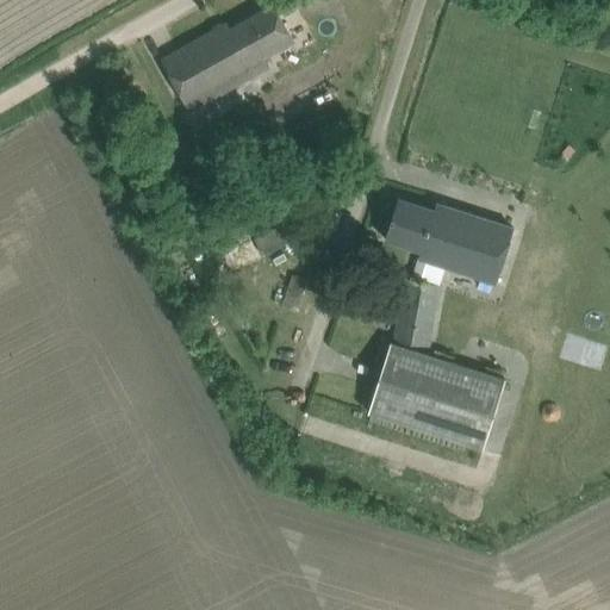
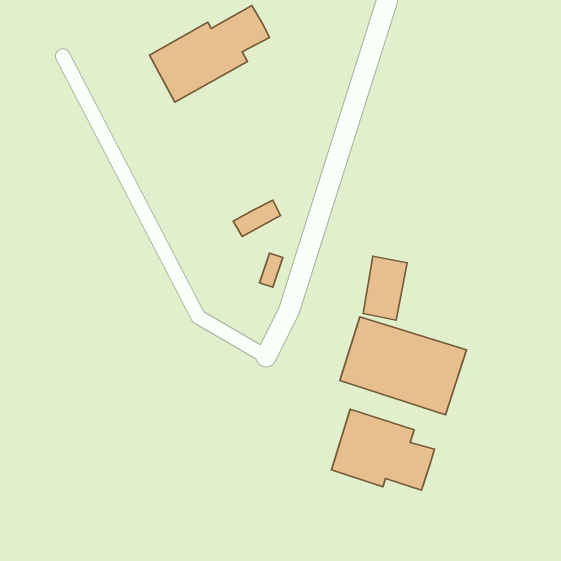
building: [384,200,512,284] -> none
building: none -> [331,409,434,490]

